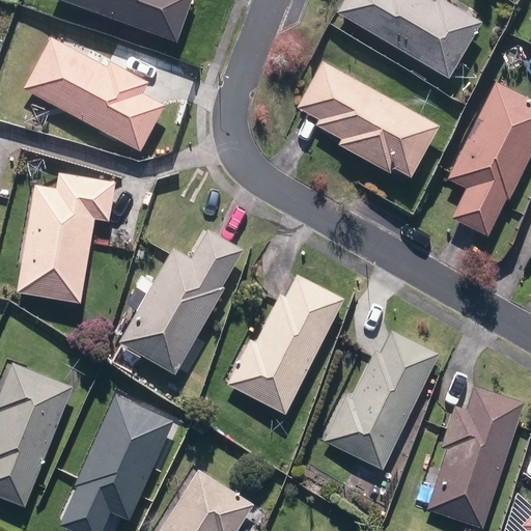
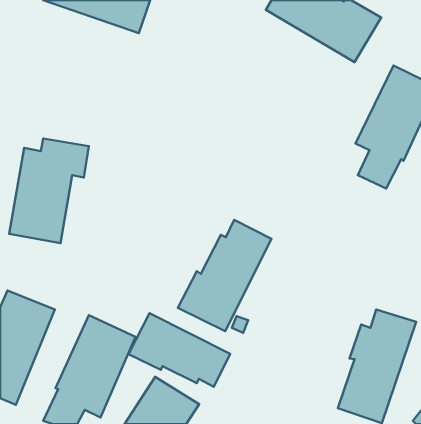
building: [23,36,165,151] -> none
building: [296,61,439,178] -> none
building: [117,229,243,375] -> none
building: [324,330,439,471] -> none
building: none -> [128,313,230,387]

